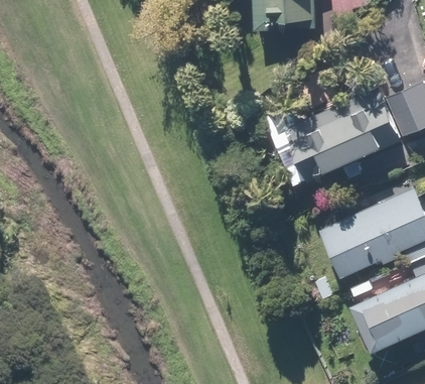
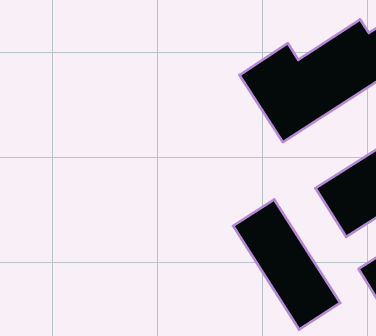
building: none -> [233,199,340,330]

